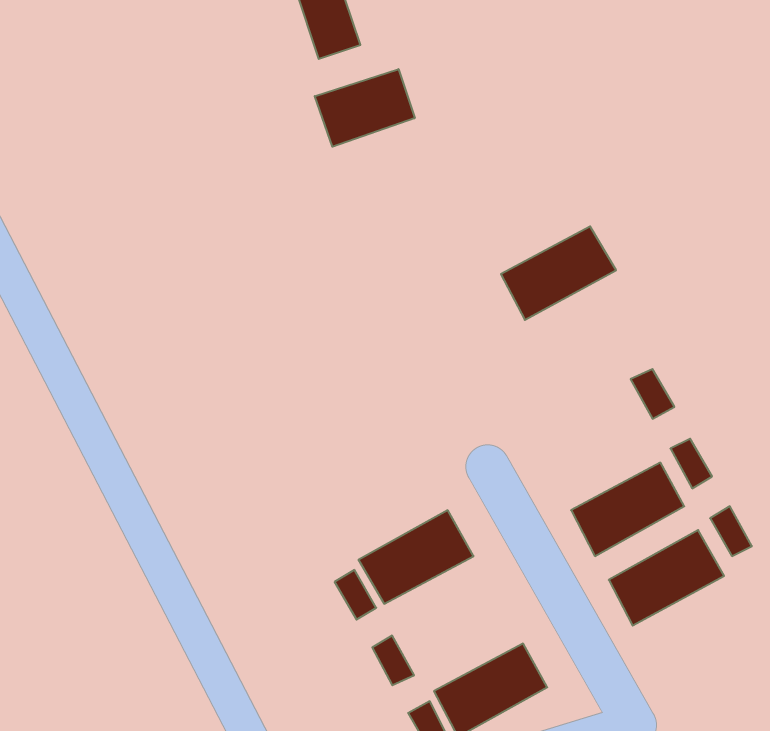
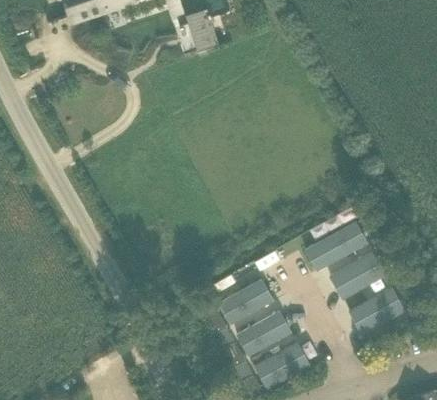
building: [315,69,415,147] -> none
building: [501,226,616,320] -> [306,218,364,265]
building: none -> [238,310,295,358]

